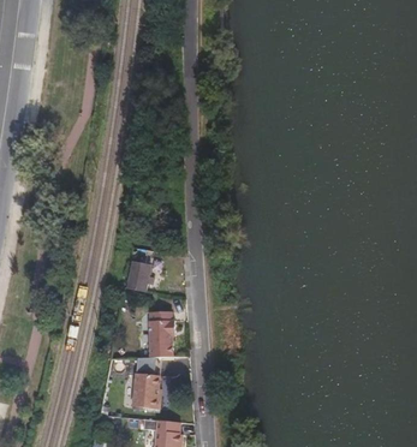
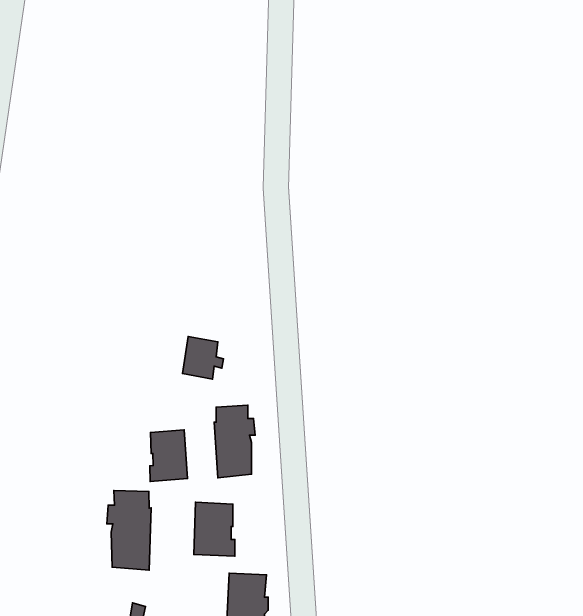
building: none -> [150,430,187,481]
building: none -> [107,491,151,570]

